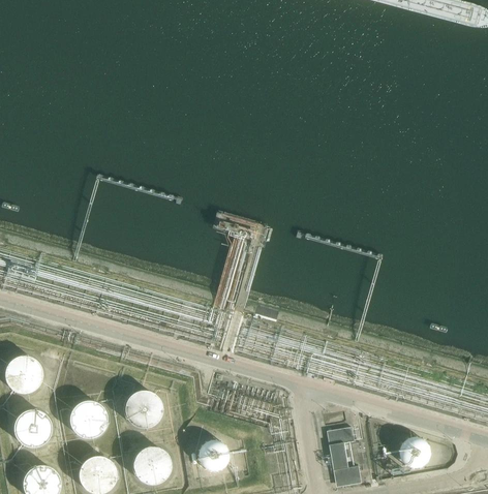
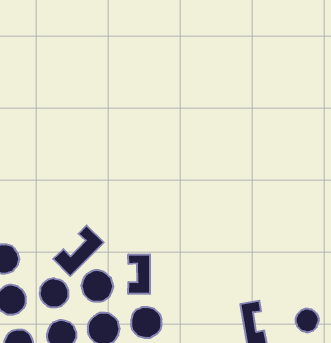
building: none -> [53,225,104,276]
building: none -> [128,254,150,294]

